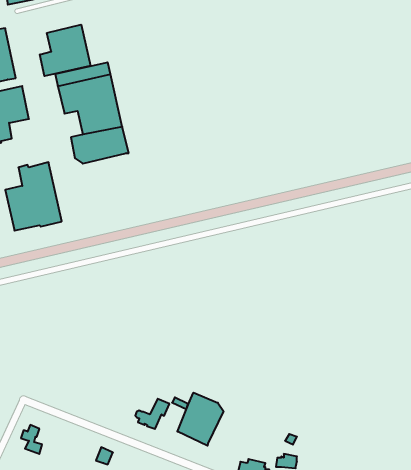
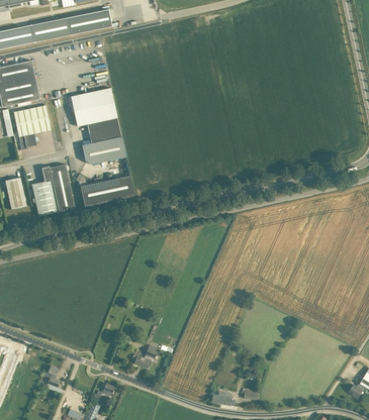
building: [40,25,90,76] -> none
building: none -> [75,174,134,206]
building: [177,393,223,446] -> none

